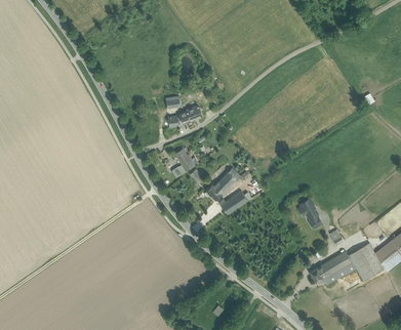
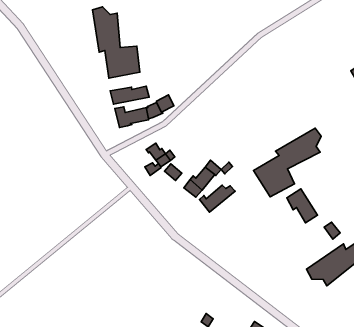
building: none -> [92,7,140,78]
building: none -> [254,128,321,197]

